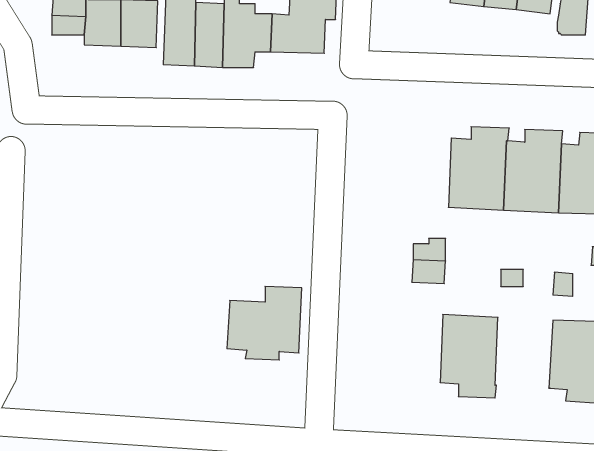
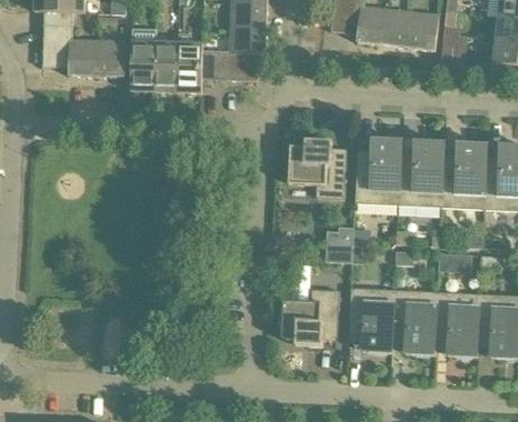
building: none -> [288,139,346,198]
building: [227,286,302,360] -> [280,288,339,345]
building: none -> [391,289,437,354]

